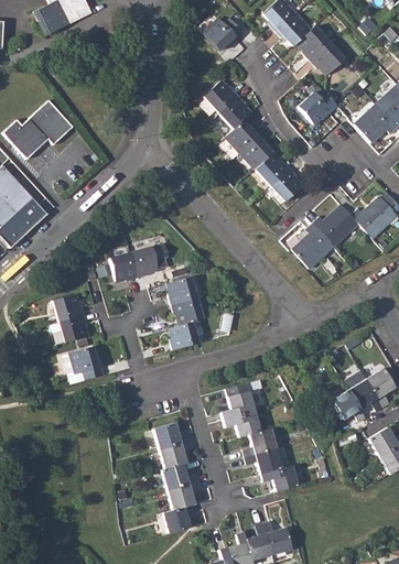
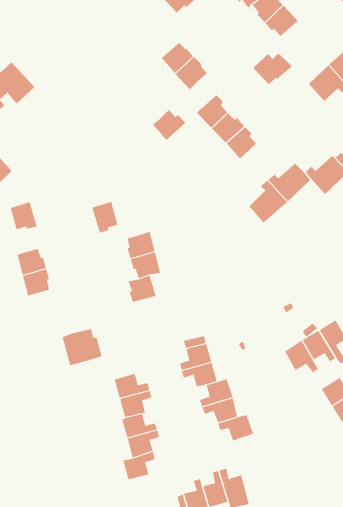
building: [225,120,260,153] -> [152,109,186,141]
building: [110,251,139,281] -> [10,201,38,230]
building: [63,346,105,384] -> [62,329,103,366]

